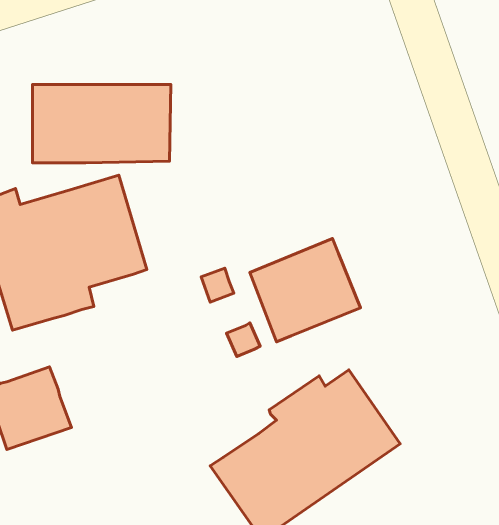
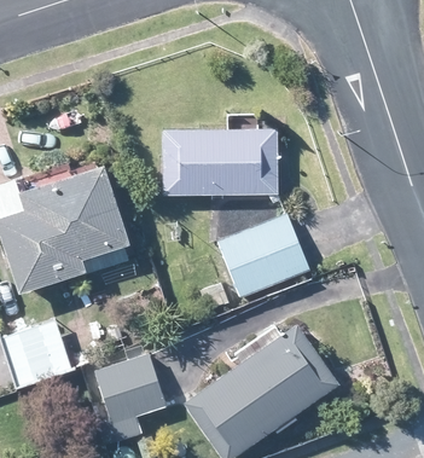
building: [32,85,171,163] -> [163,132,277,196]
building: none -> [95,354,168,445]

